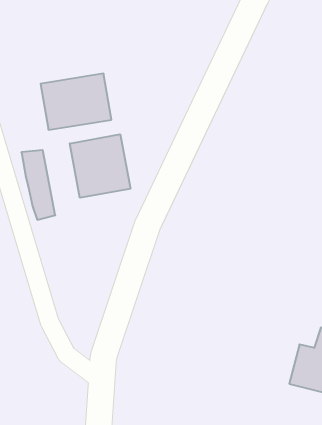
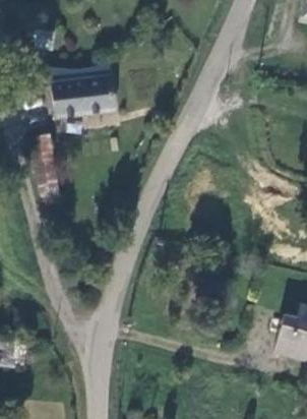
building: [70,134,130,198] -> none

